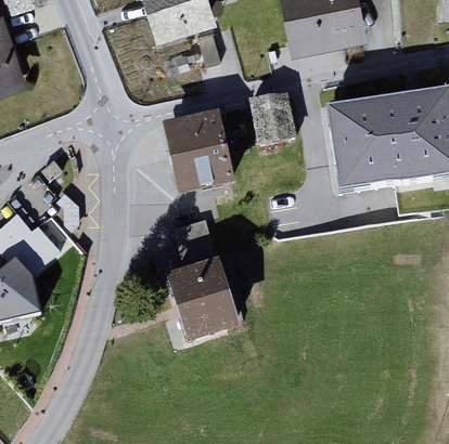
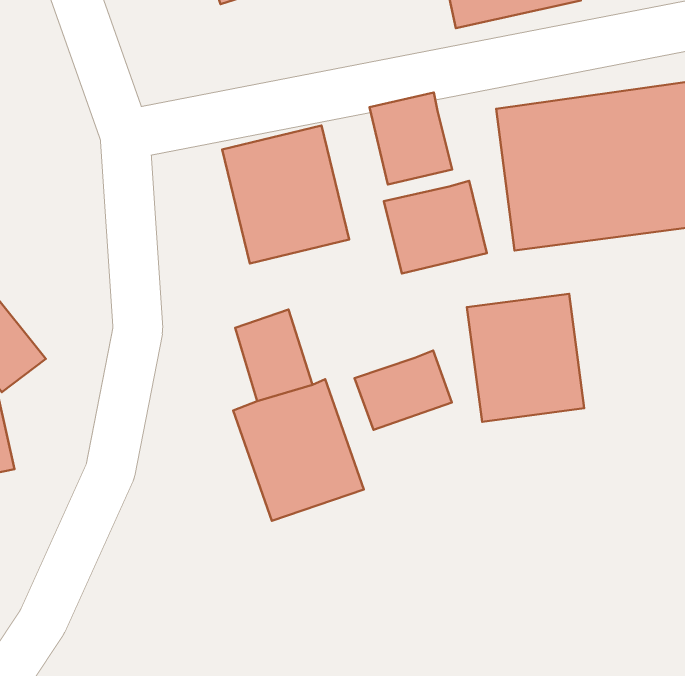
building: none -> [384,181,487,273]
building: none -> [467,294,584,422]
building: none -> [355,351,452,430]

